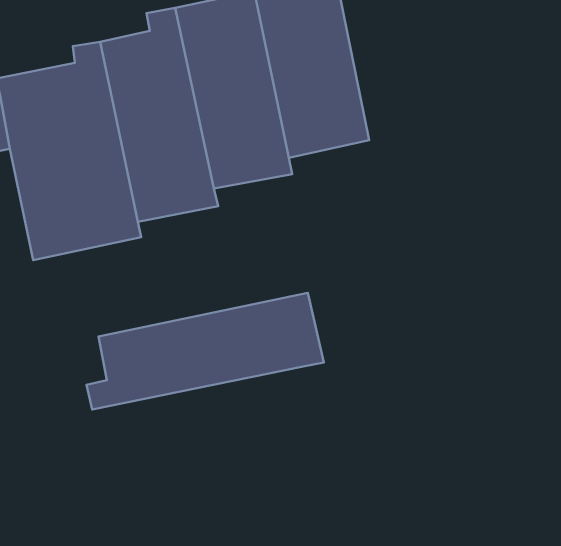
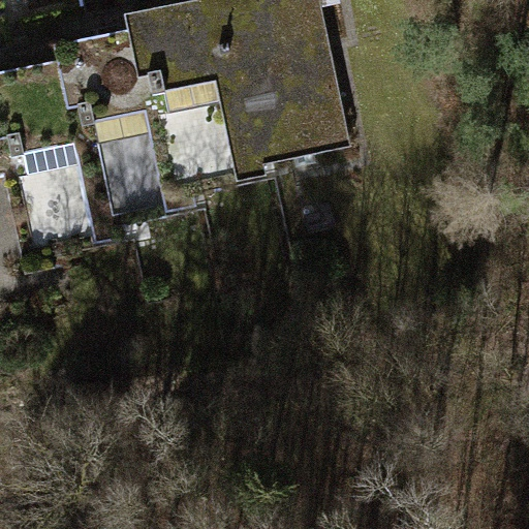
building: [87,293,324,410] -> none

